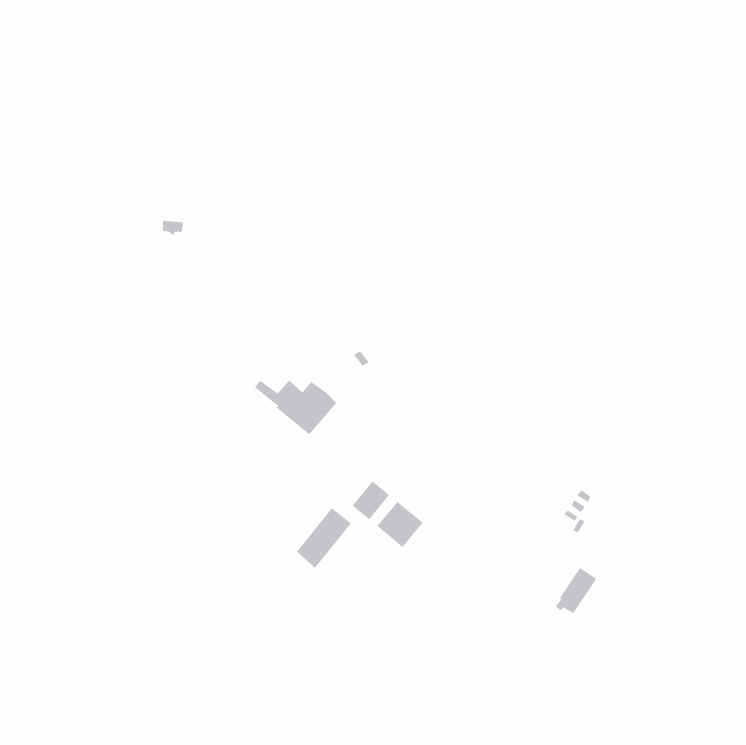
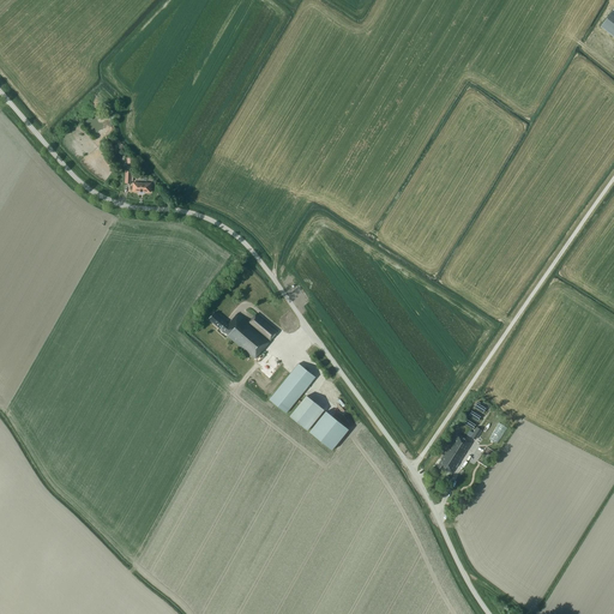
building: [296,508,352,569] -> [270,362,315,413]
building: [555,567,597,614] -> [437,433,471,471]

